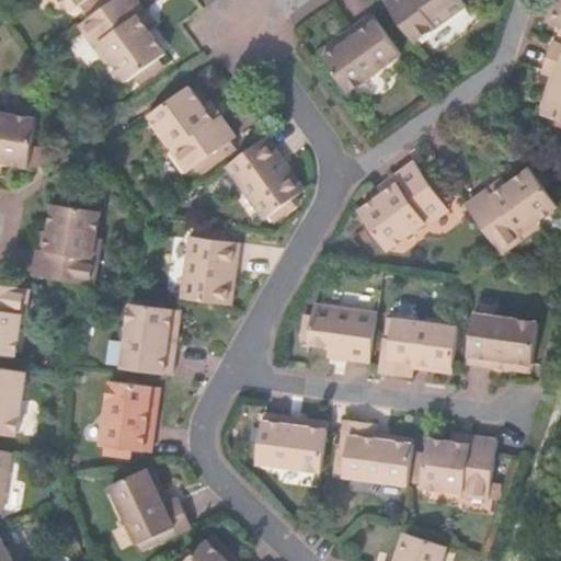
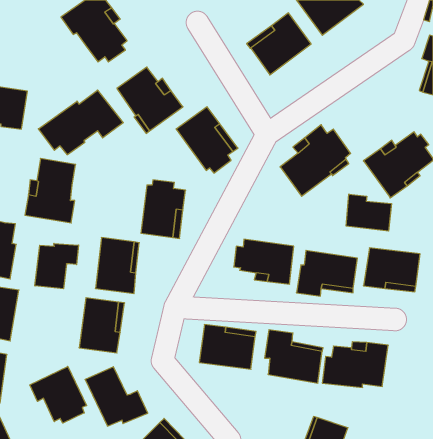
building: none -> [38,90,123,155]
building: none -> [346,194,391,231]
building: none -> [35,243,79,289]
building: none -> [30,366,87,423]

